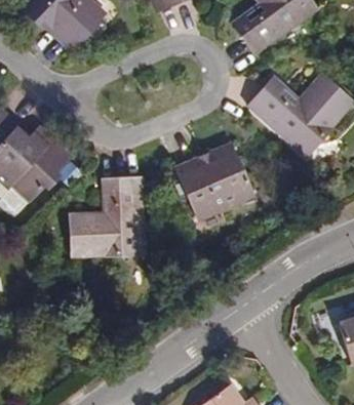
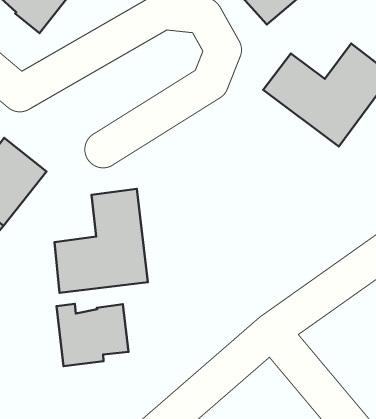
building: [173,145,252,218] -> none
building: none -> [56,304,128,366]

